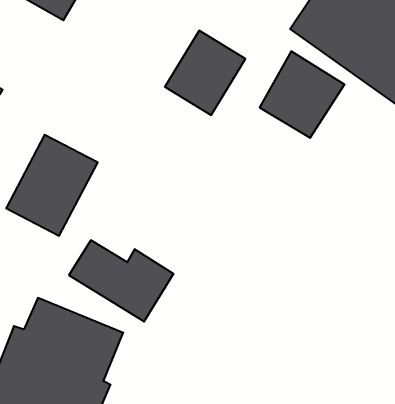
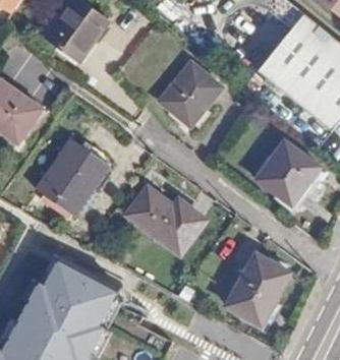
building: [260,51,345,138] -> [256,147,320,213]
building: [69,240,174,322] -> [124,191,202,254]
building: none -> [221,259,283,328]

